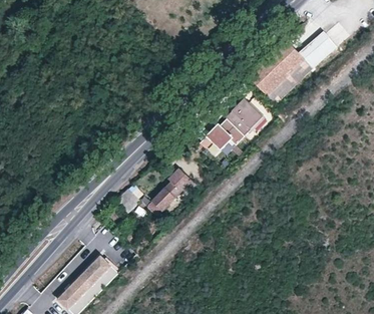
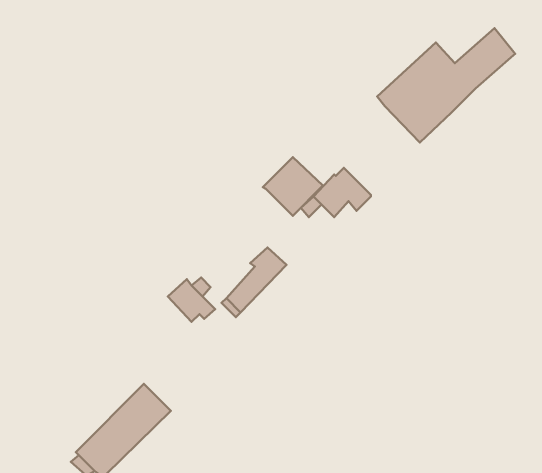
building: [225,97,263,134] -> [263,157,323,216]

